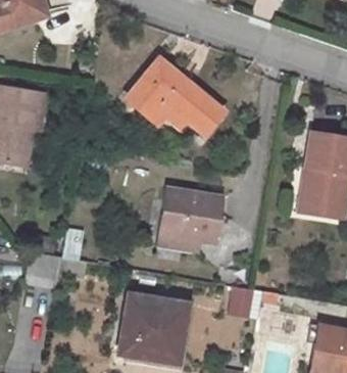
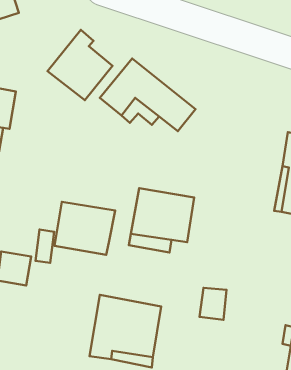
building: none -> [48,30,113,100]
building: none -> [54,202,115,255]

